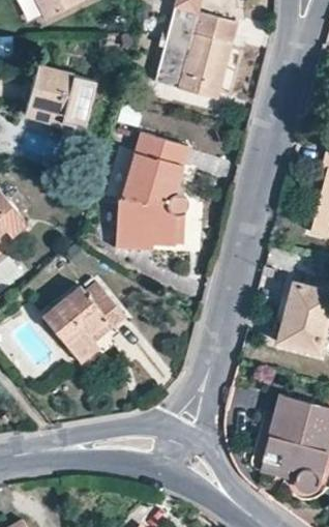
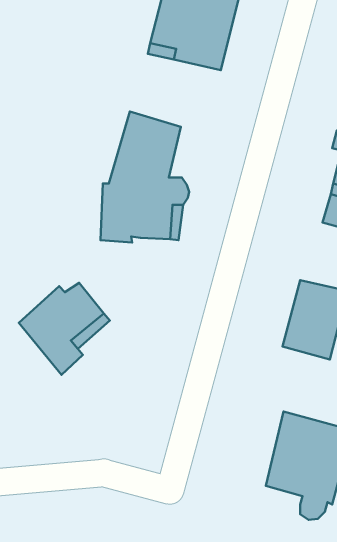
building: [35,64,102,126] -> none

